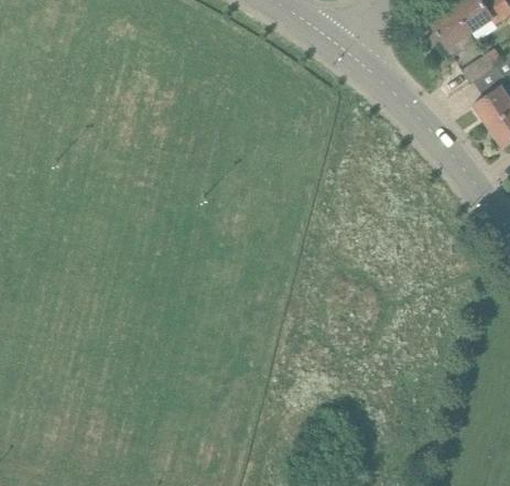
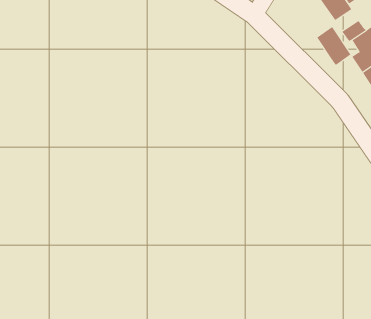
building: none -> [317,26,351,66]

